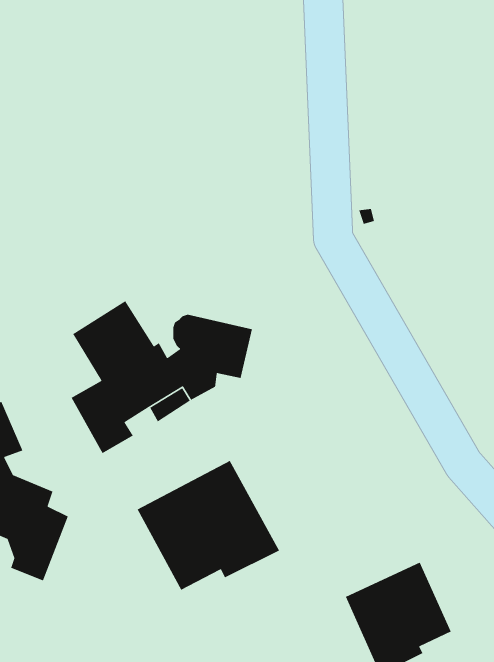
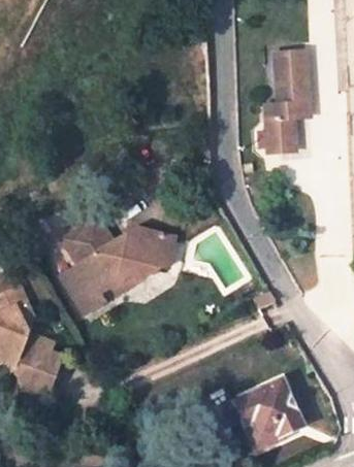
building: none -> [264,51,308,152]
building: [137,460,280,591] -> none

